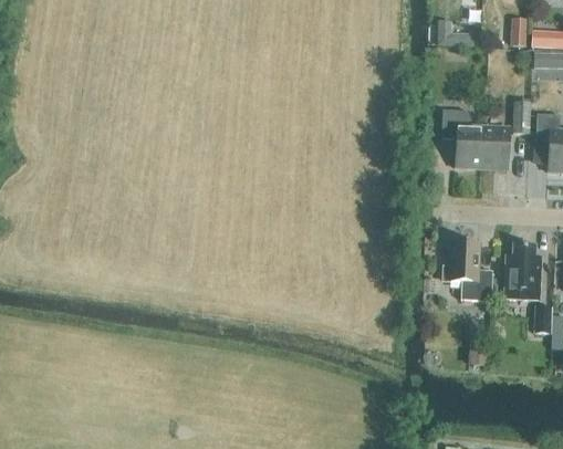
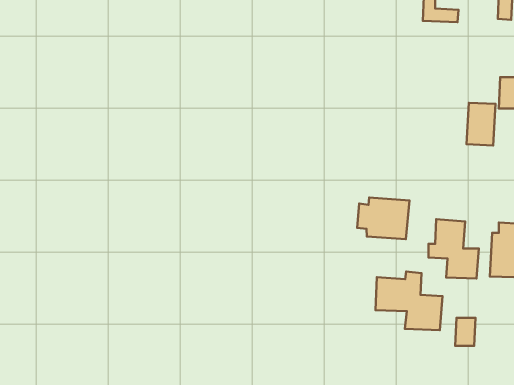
building: [442,109,483,168] -> none
building: none -> [357,197,409,239]
building: none -> [376,272,442,330]

